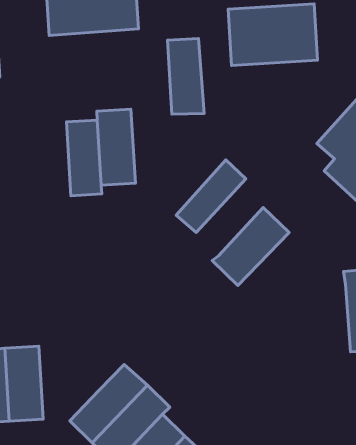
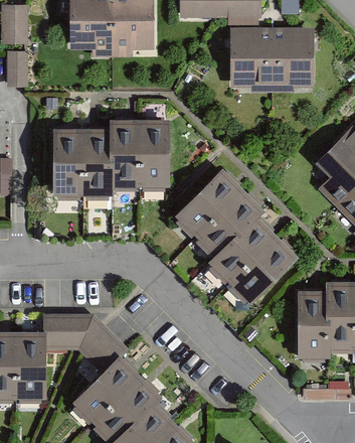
building: [168,38,204,114] -> [143,122,172,190]
building: none -> [55,130,83,197]
building: none -> [195,191,264,260]
building: none -> [230,243,300,310]
building: none -> [299,293,329,360]
building: none -> [41,316,125,376]

